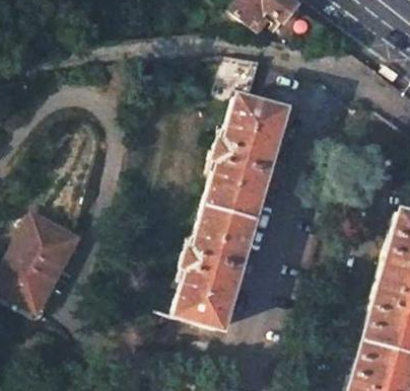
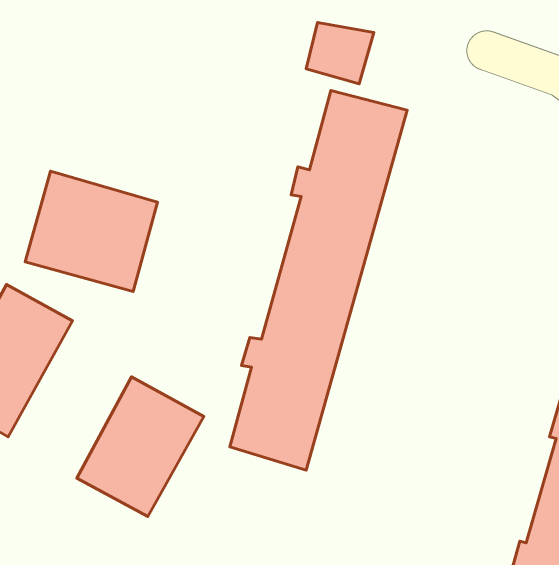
building: none -> [25,171,157,291]
building: none -> [77,377,204,517]

